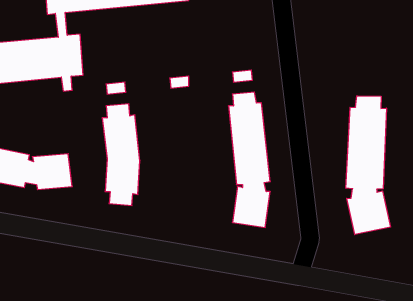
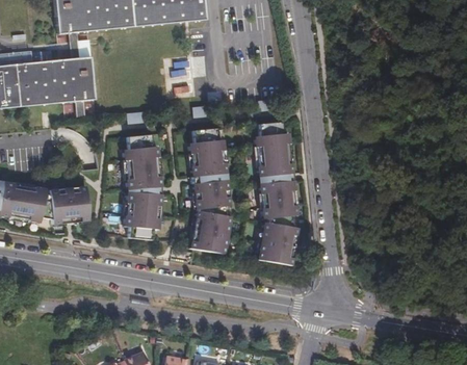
building: [346,96,390,235] -> none
building: none -> [185,122,229,246]

